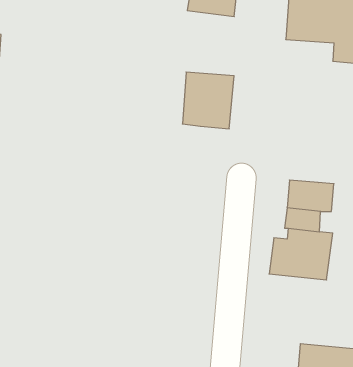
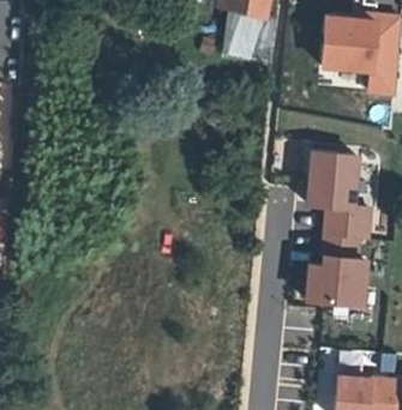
building: [182,72,234,129] -> [308,157,360,213]

